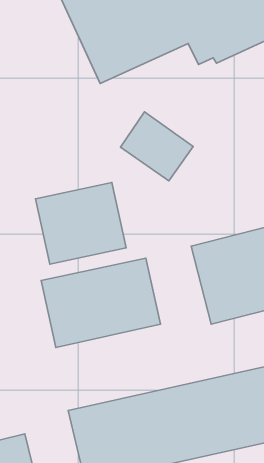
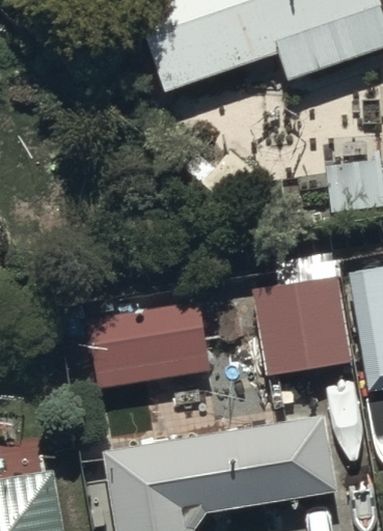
building: [35,182,126,264] -> none

